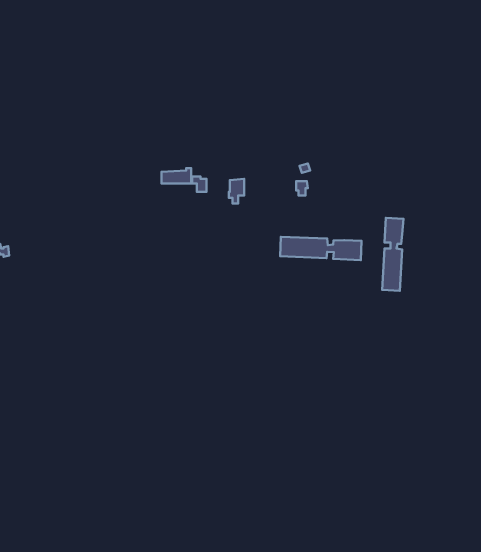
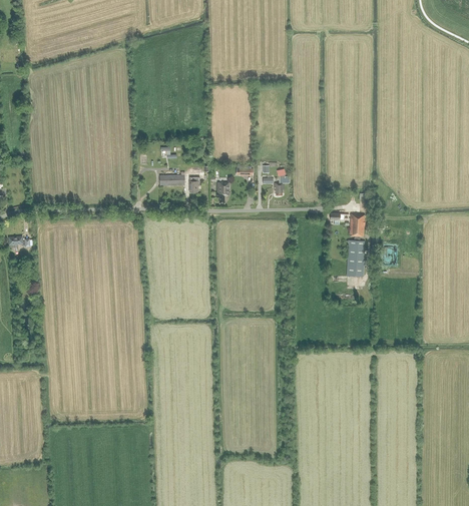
building: [280,237,361,260] -> none

